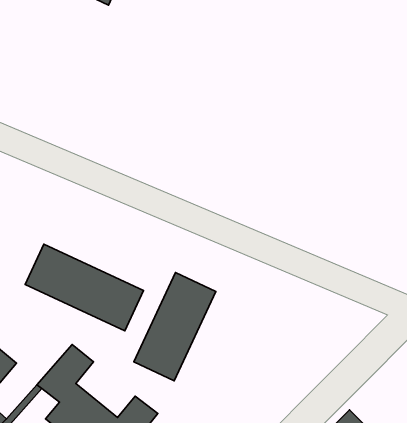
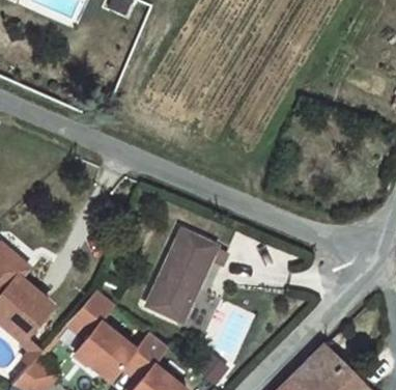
building: [25,244,143,331] -> none

